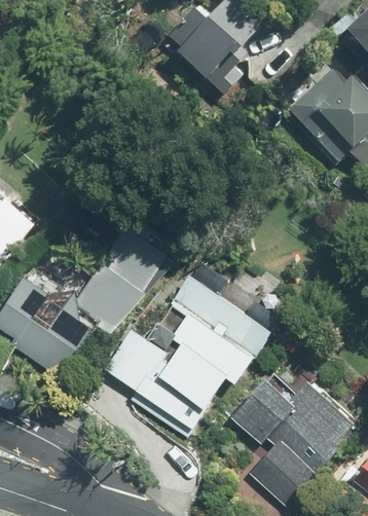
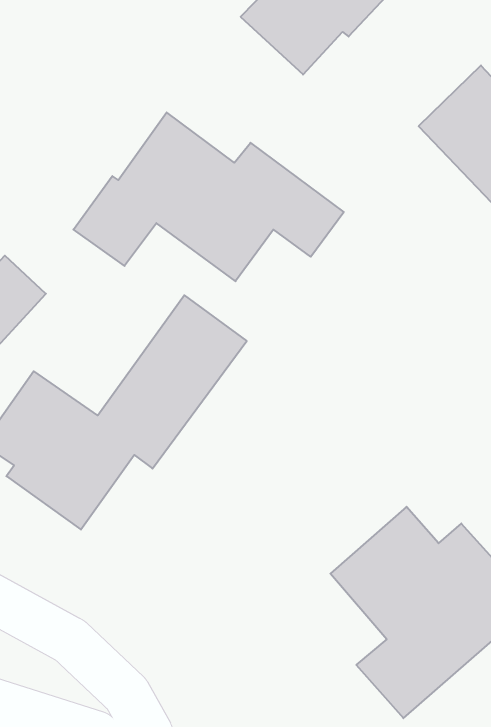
building: none -> [73,112,344,281]
building: [113,263,263,429] -> none

